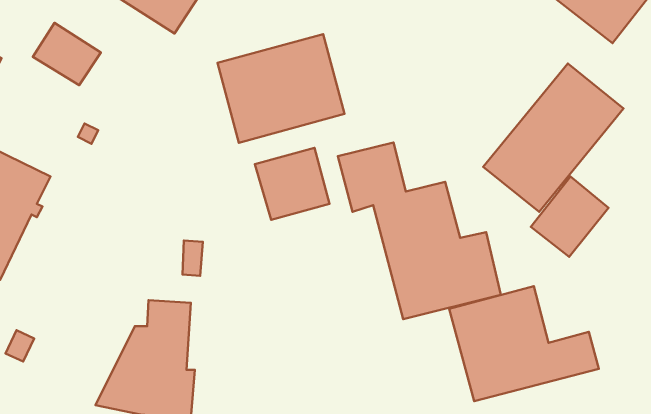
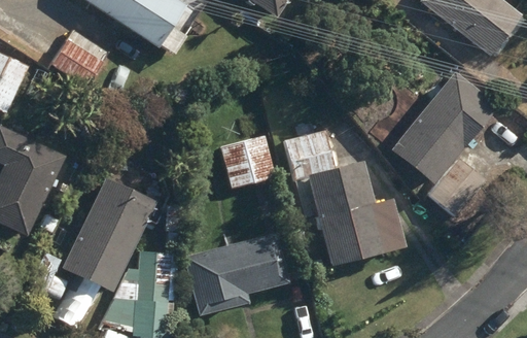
building: [218,34,344,143] -> none
building: none -> [62,176,156,291]
building: none -> [183,232,288,315]
building: [449,286,599,401] -> none

